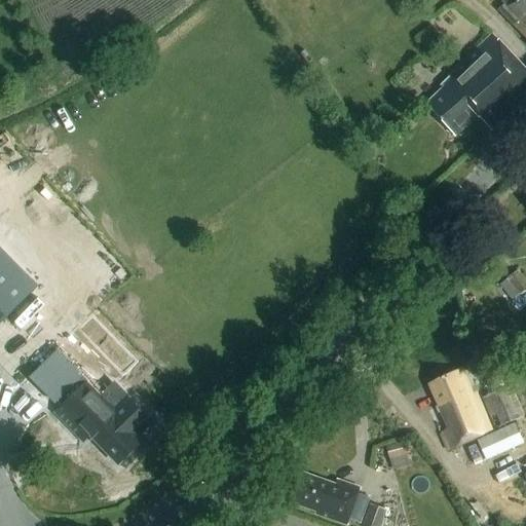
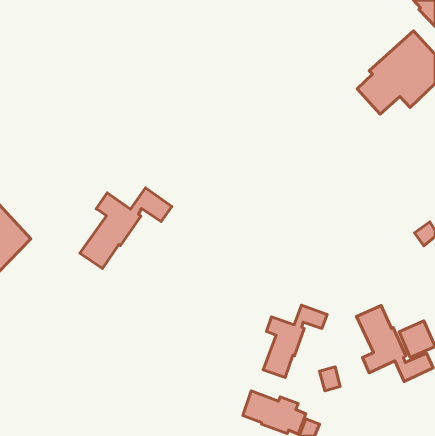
building: none -> [80,188,172,268]
building: [32,349,151,462] -> none
building: none -> [263,305,327,377]

